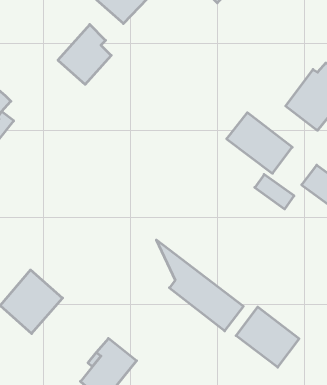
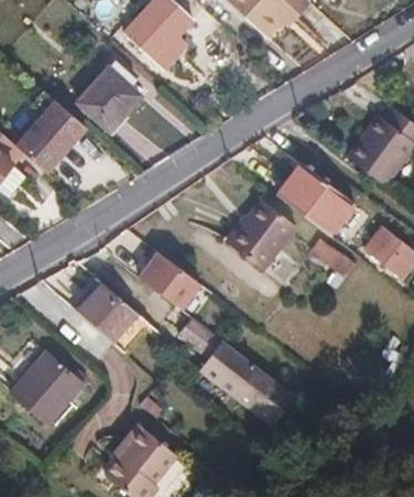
building: none -> [17,88,87,173]
building: none -> [226,199,293,269]
building: none -> [135,249,198,307]
building: none -> [76,282,135,343]
building: [236,307,299,367] -> none

